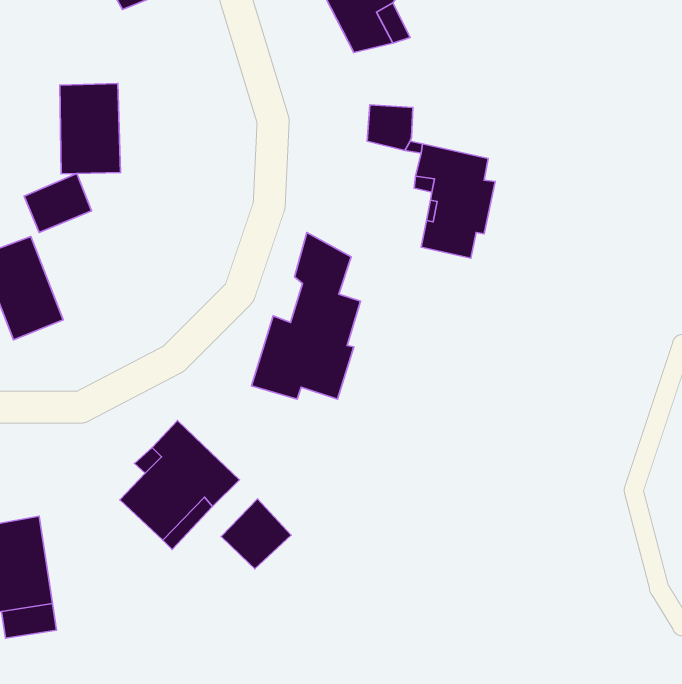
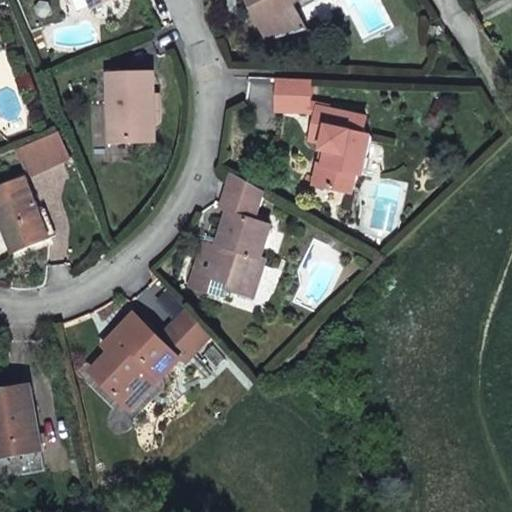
building: [60,84,121,174] -> [107,73,152,140]
building: [221,499,291,569] -> [157,309,209,361]

